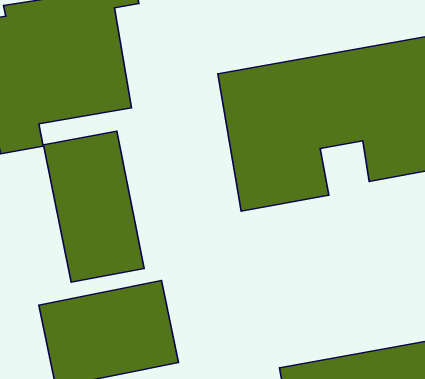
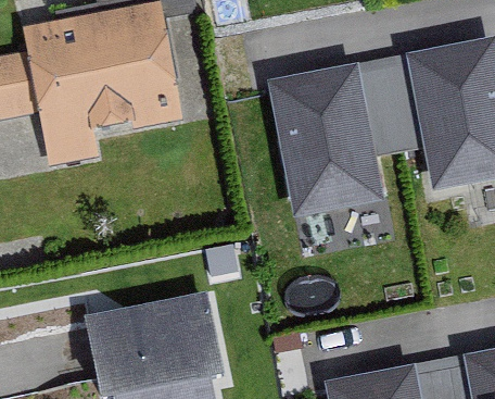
building: [44,131,144,282] -> none

